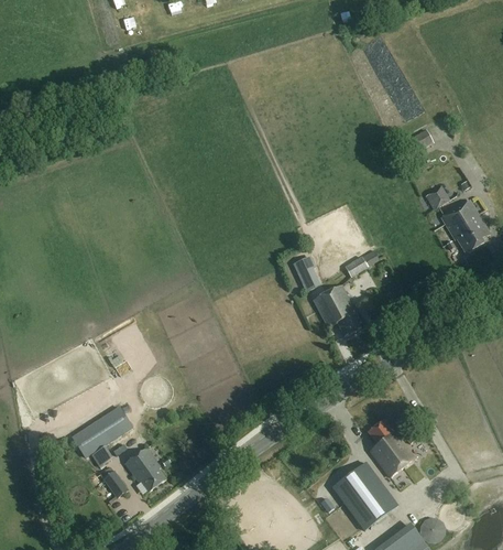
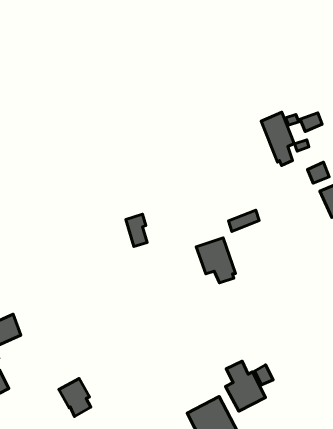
building: none -> [261,112,294,165]
building: [292,255,319,292] -> [126,214,147,246]
building: [127,449,165,492] -> [59,379,91,416]

